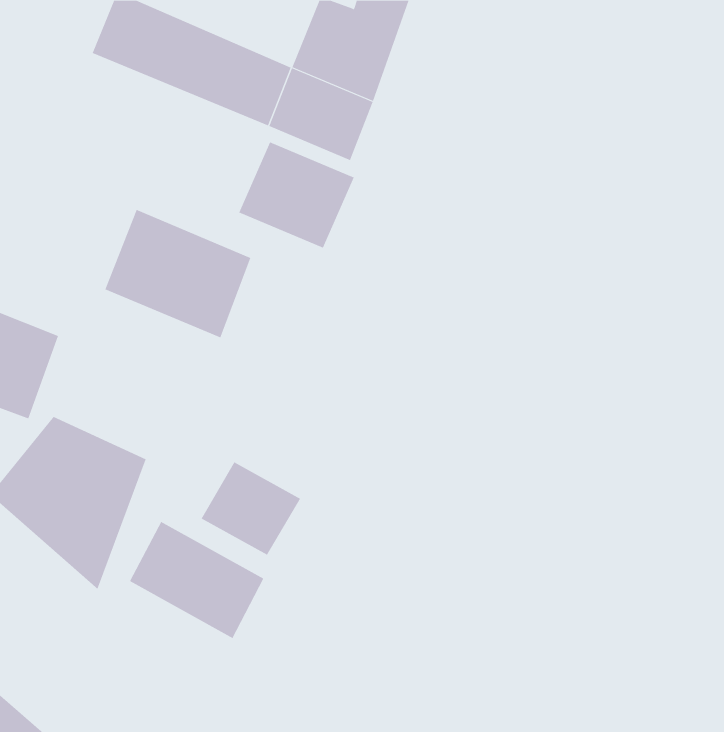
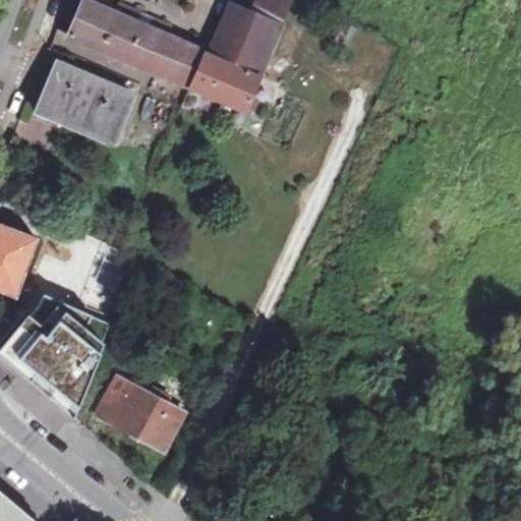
building: [239,142,355,248] -> none
building: [105,209,251,338] -> [35,57,138,149]
building: [201,461,301,556] -> none

